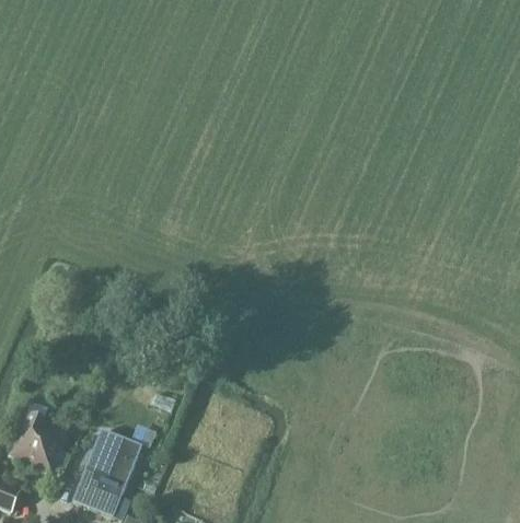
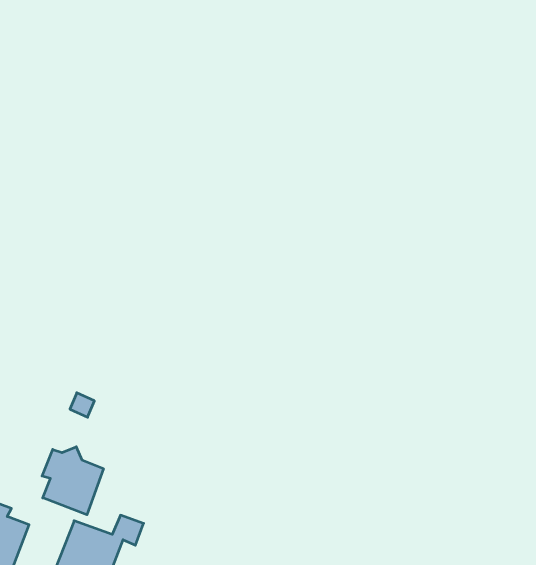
building: none -> [42,447,103,515]

